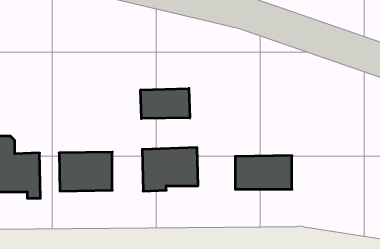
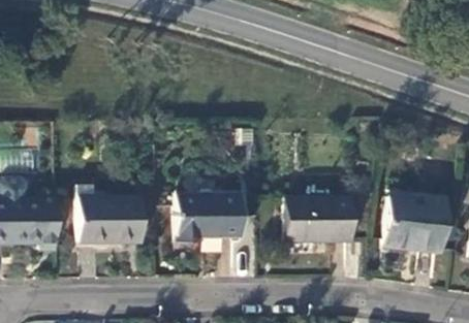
building: [141,88,190,119] -> none
building: none -> [386,192,447,250]

